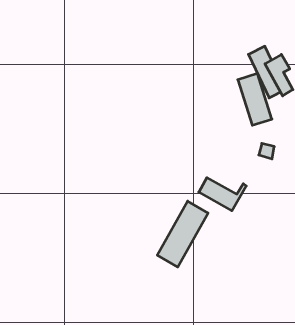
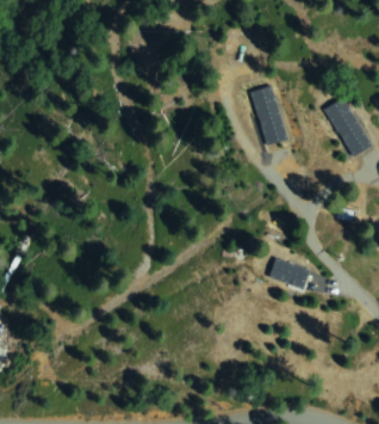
building: [238,74,272,125] -> [249,87,288,147]
building: [157,201,208,267] -> none

